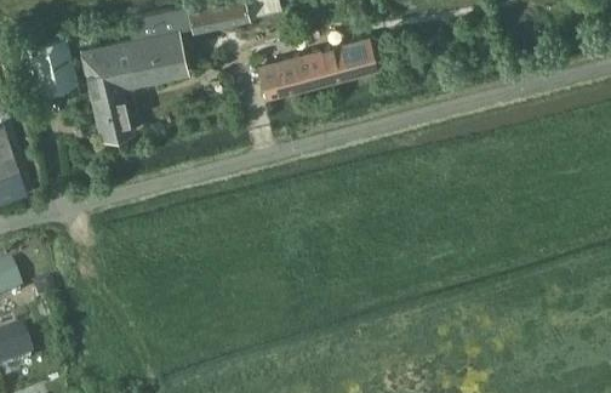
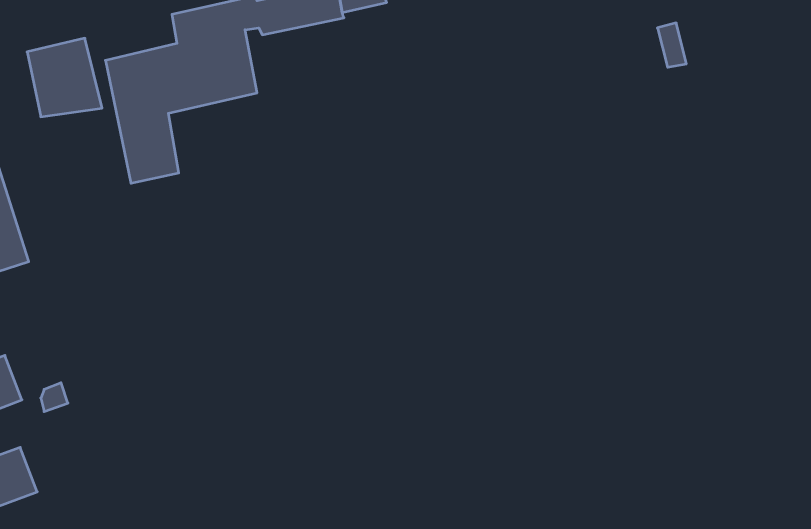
building: [257,38,378,99] -> none

